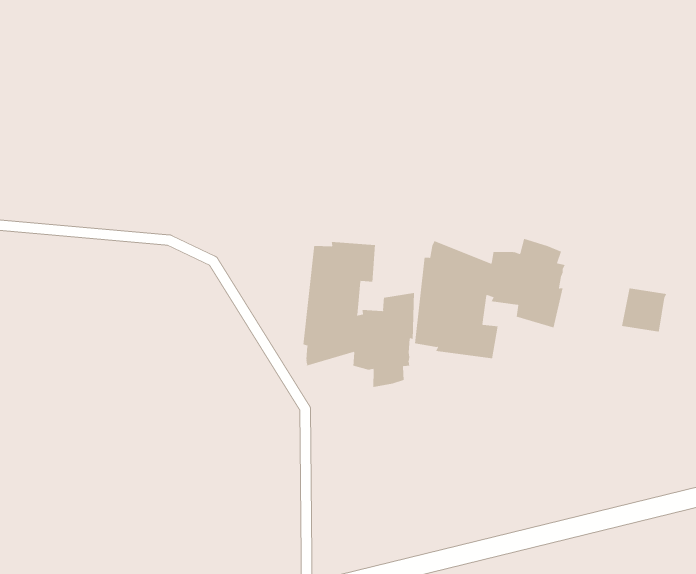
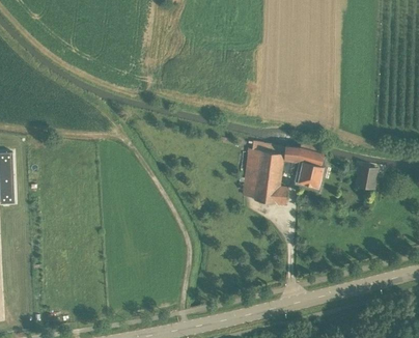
building: [303,241,414,388] -> none

